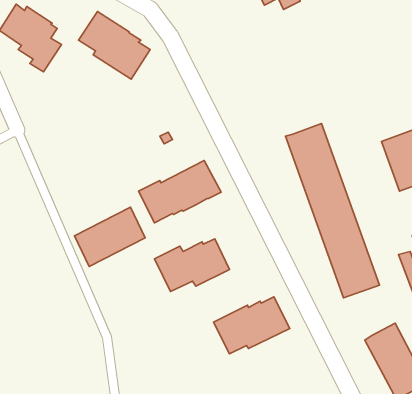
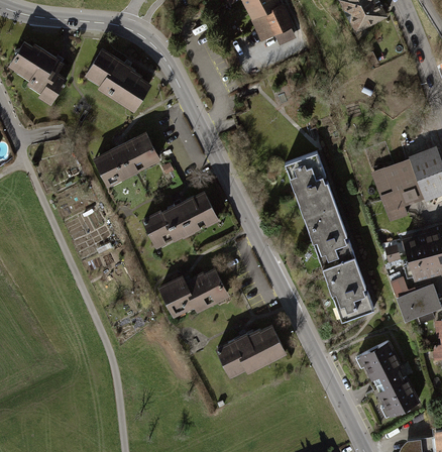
building: [74,207,145,266] -> [94,132,161,189]

